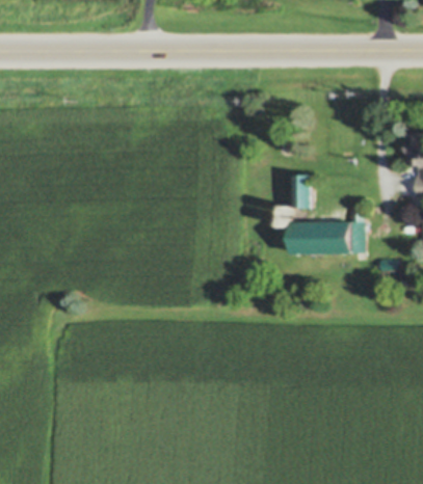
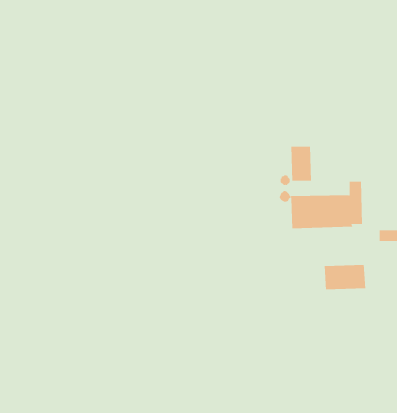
building: none -> [324,264,366,290]

